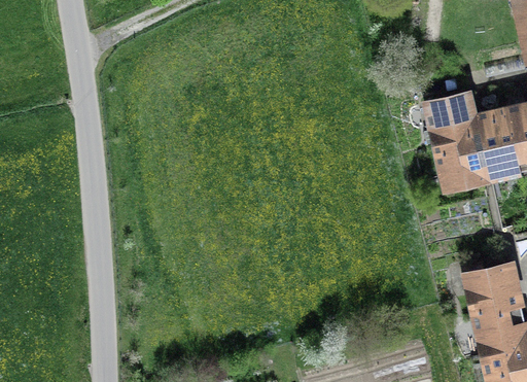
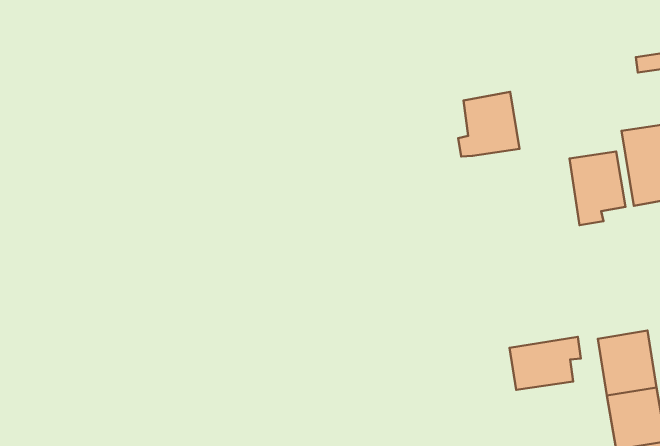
building: [429,93,475,142] -> [458,92,519,156]
building: none -> [509,337,581,390]

